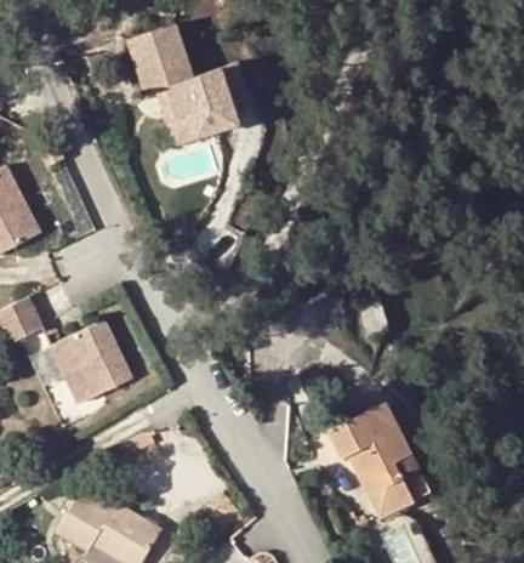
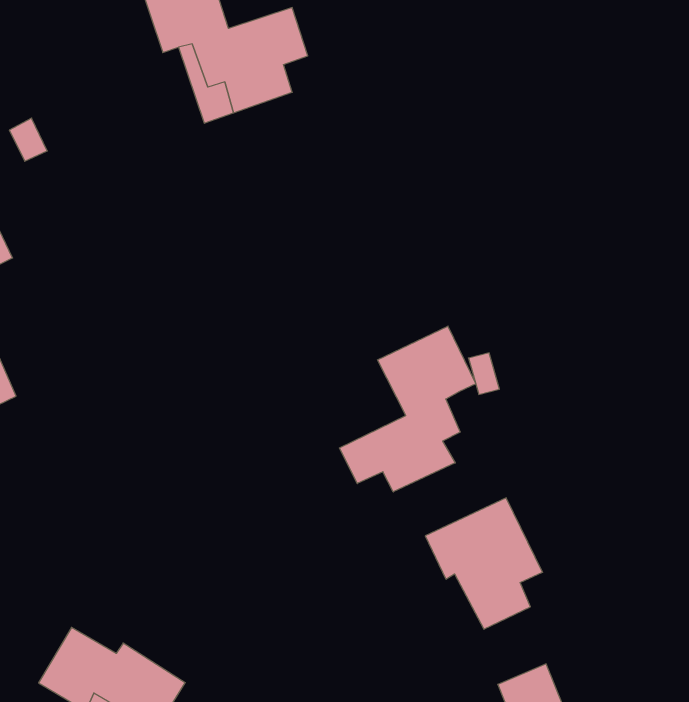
building: none -> [339,326,476,492]
building: [50,322,132,408] -> none
building: [371,455,431,518] -> none

